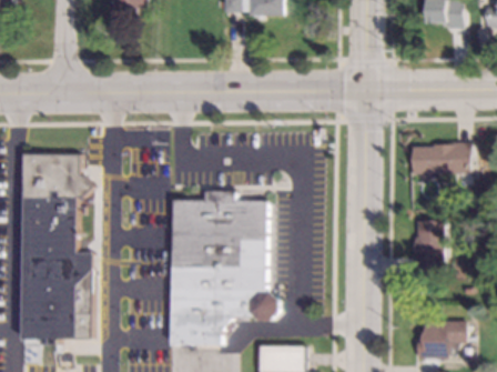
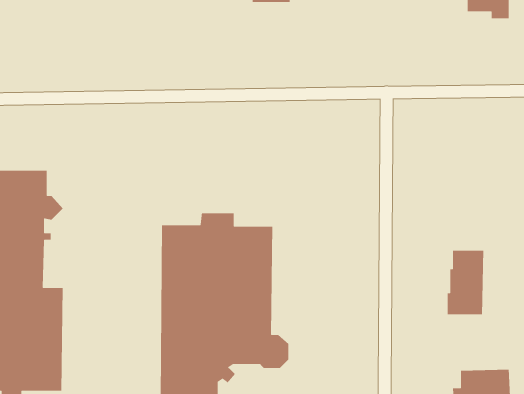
building: [412,142,468,173] -> none

